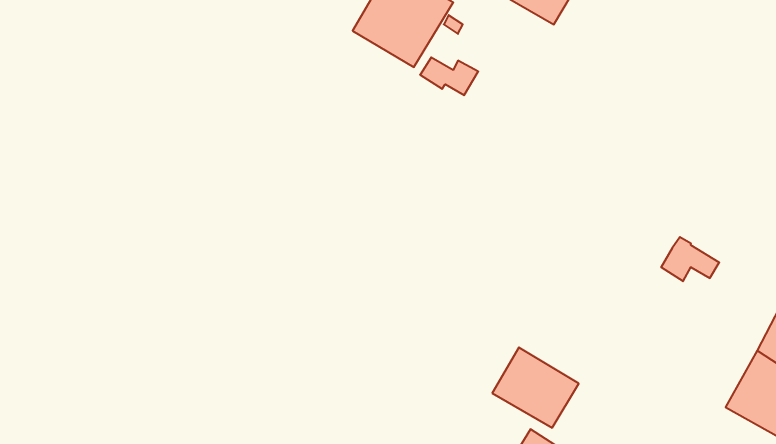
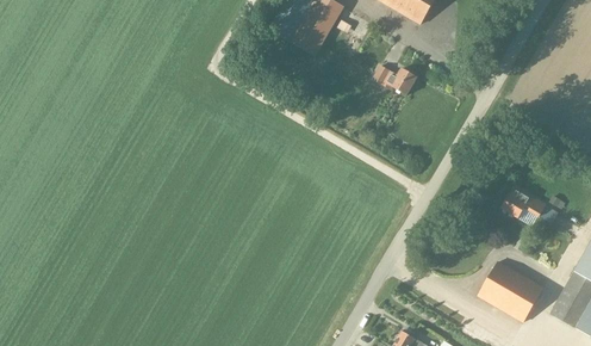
building: [420,57,478,95] -> [373,66,417,94]
building: [492,347,579,428] -> [478,260,543,321]

